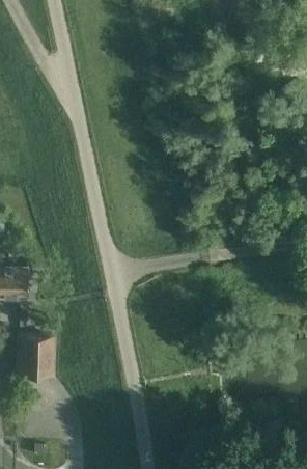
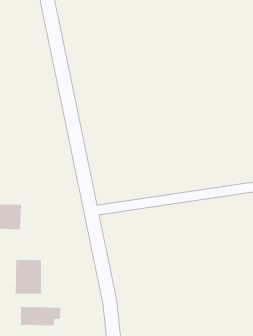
building: none -> [20,306,61,326]

